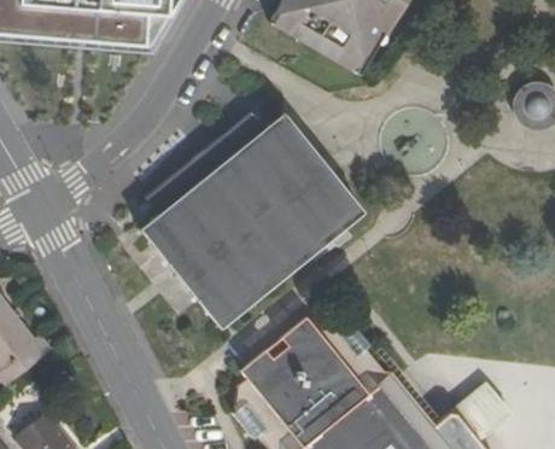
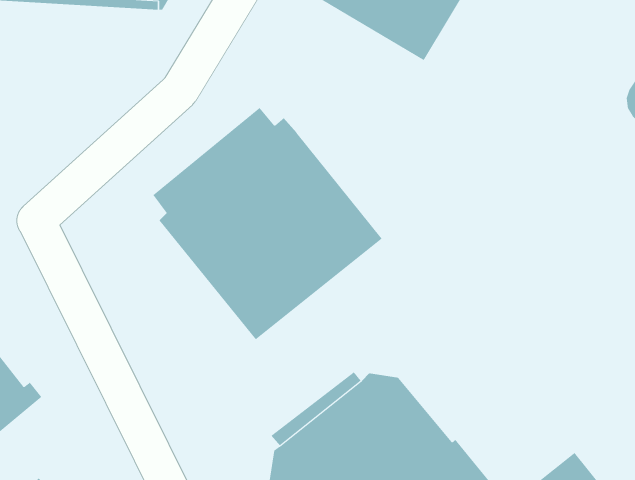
building: [133,115,364,330] -> none

